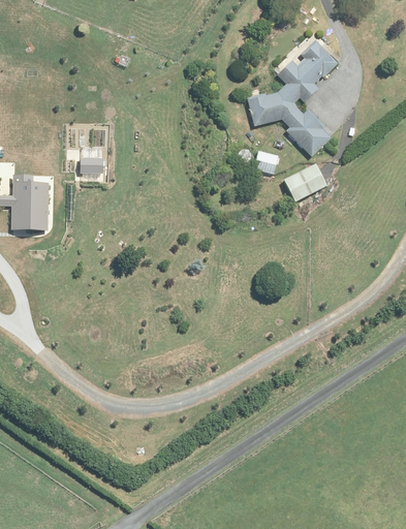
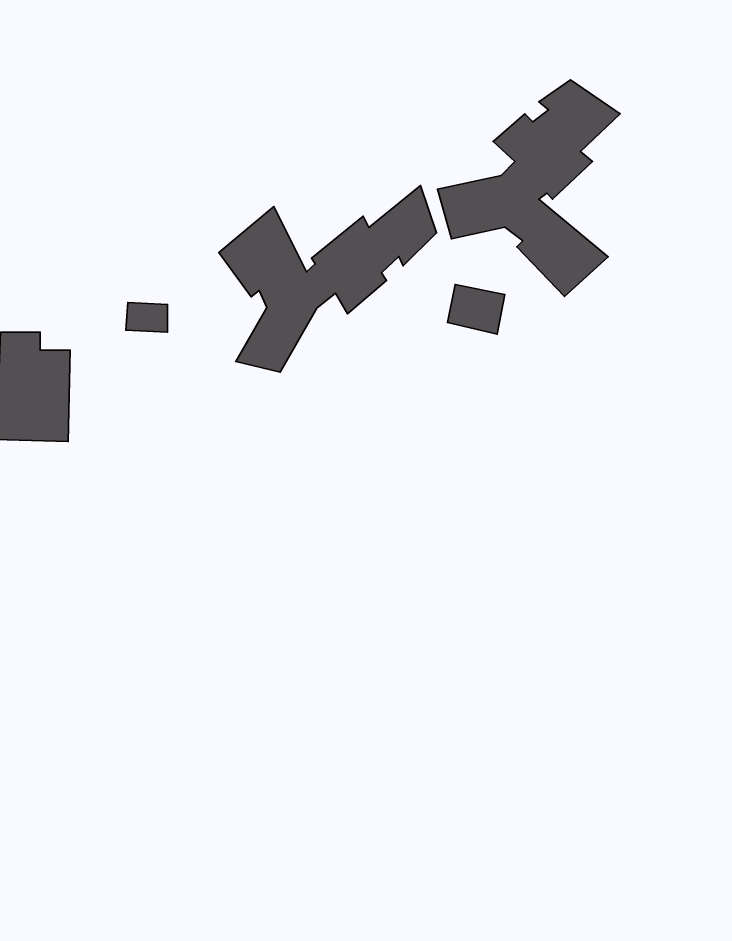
building: none -> [219,185,436,372]
building: [279,161,324,200] -> none

